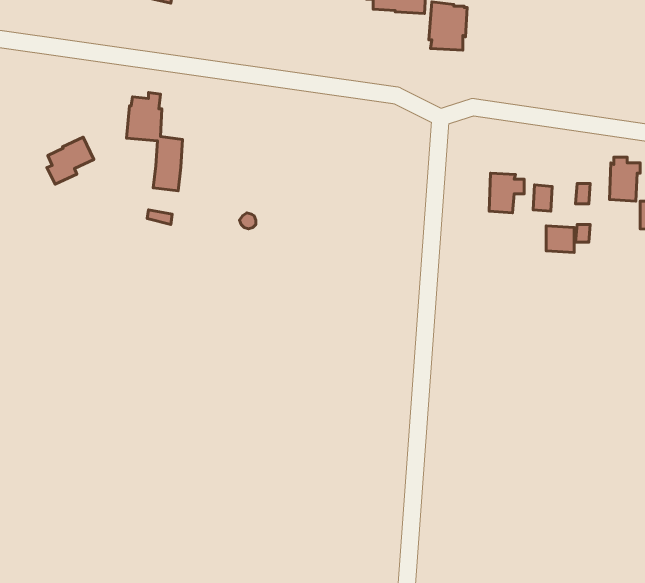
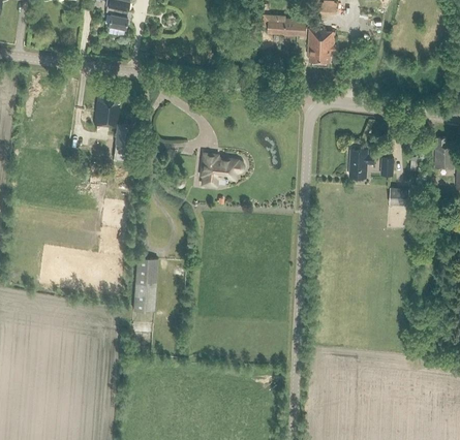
building: [47,137,94,184] -> none
building: none -> [202,155,243,186]
building: none -> [133,258,158,313]

